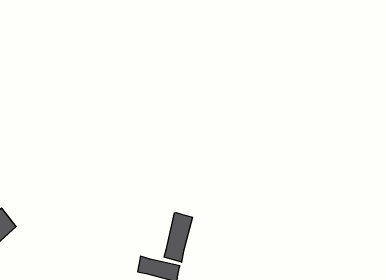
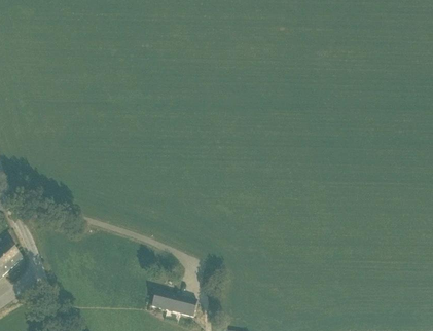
building: [164,213,193,262] -> none

